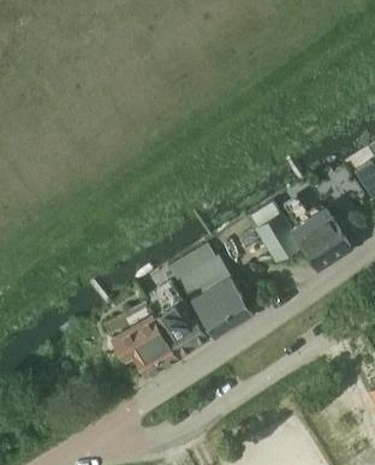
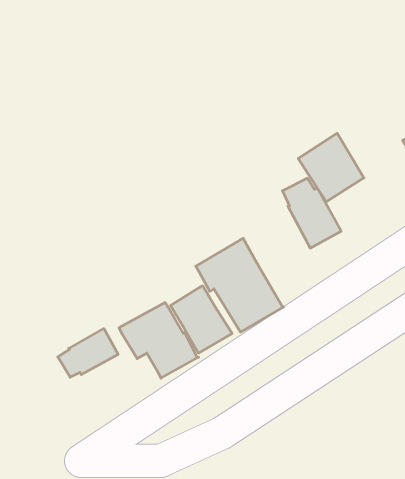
building: [292,207,349,266] -> [298,133,364,202]
building: none -> [58,329,118,377]

